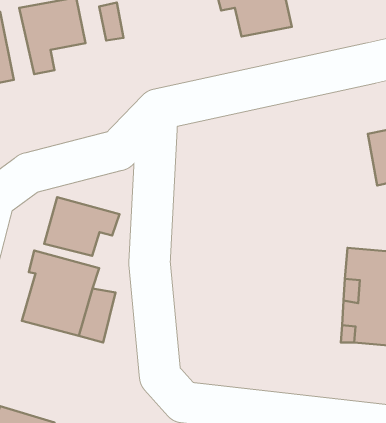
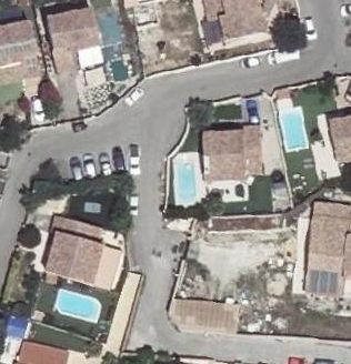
building: none -> [201,122,261,180]
building: [44,197,120,256] -> none

